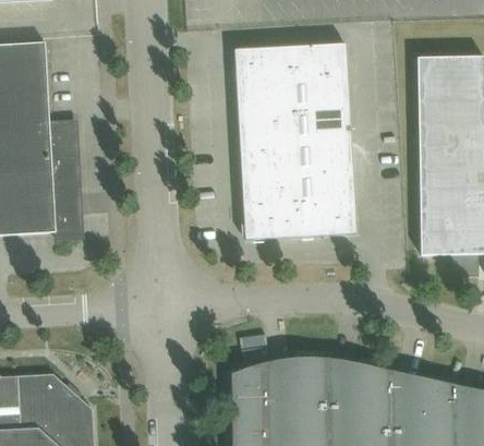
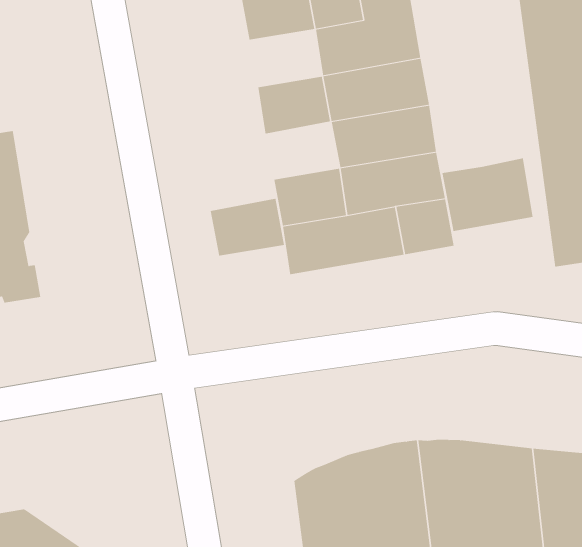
building: [237,80,282,113] -> none
building: [240,142,287,176] -> [210,198,285,256]
building: none -> [442,158,533,232]

